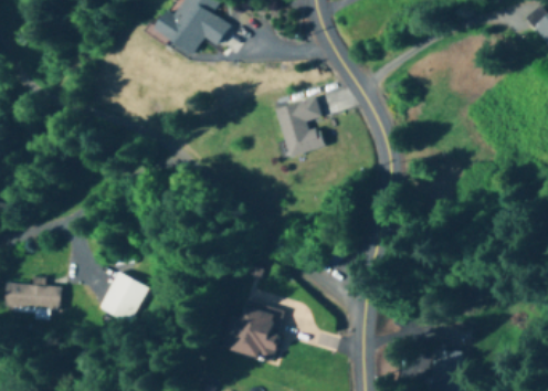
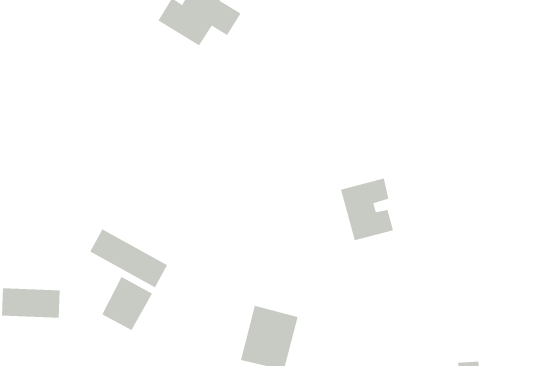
building: [275,96,326,156] -> [340,178,394,241]
building: none -> [89,228,168,288]

